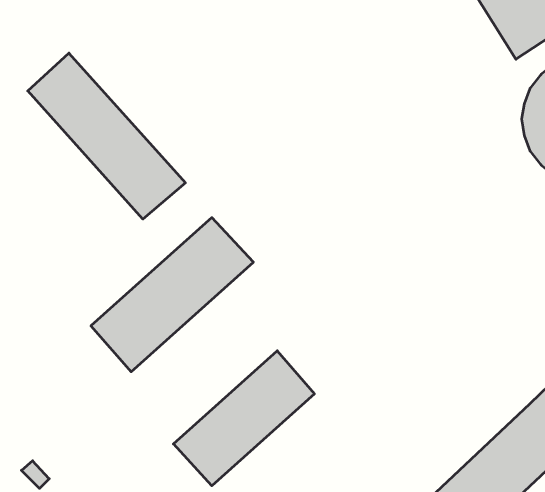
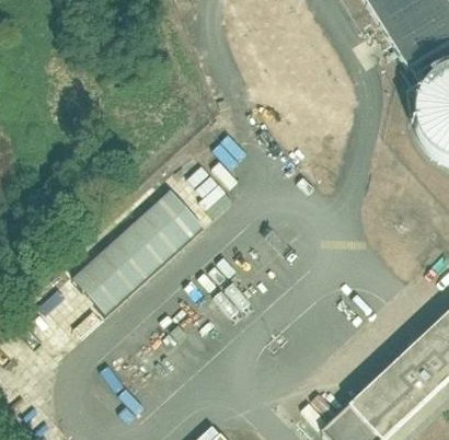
building: [28,53,185,219] -> none
building: [173,351,314,486] -> none

